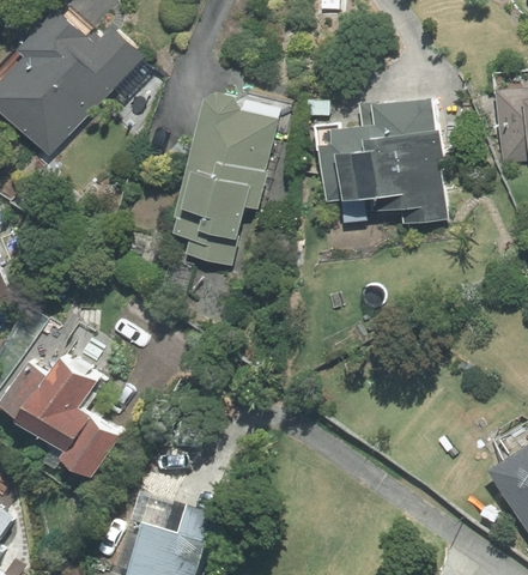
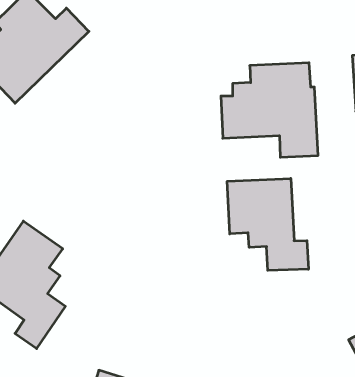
building: [166,93,278,270] -> none
building: none -> [227,178,308,270]

